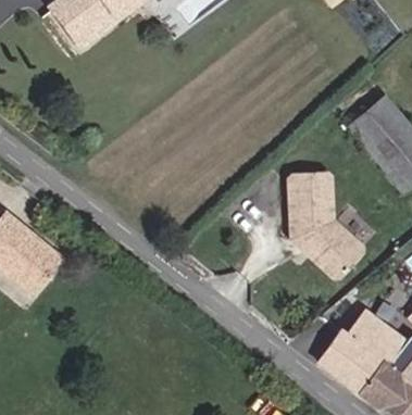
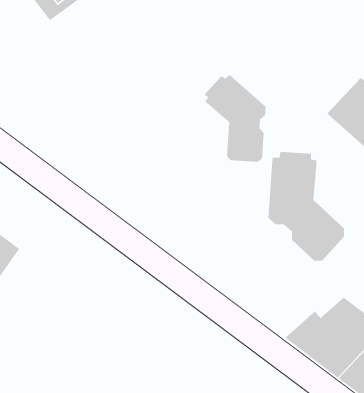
building: none -> [204,74,267,162]

